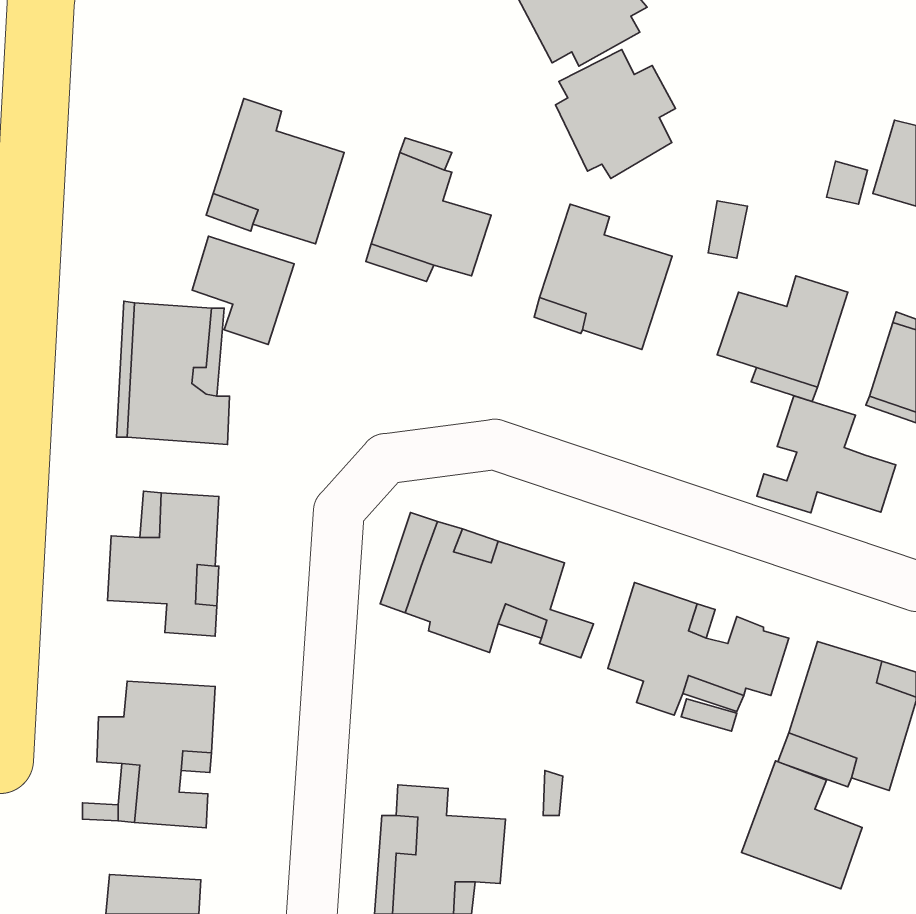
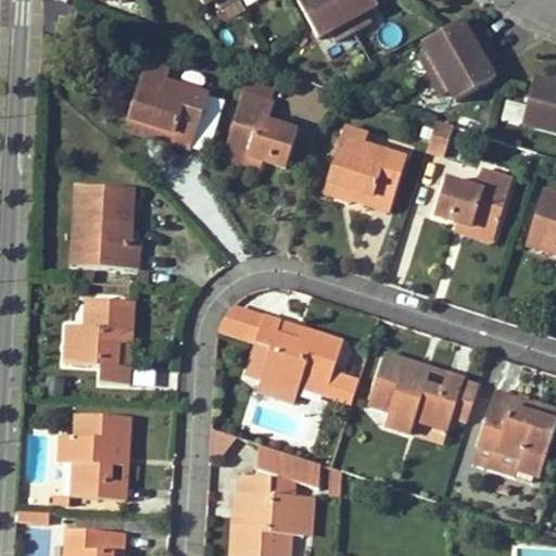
building: [555,49,675,178] -> [432,20,505,98]
building: [192,236,294,344] -> none
building: [757,396,896,513] -> none
building: none -> [256,444,319,488]
building: [742,761,862,889] -> none

